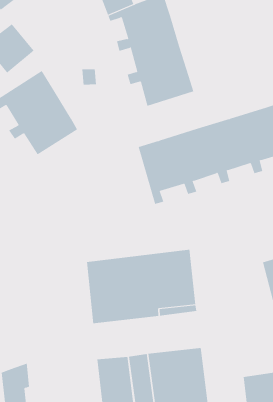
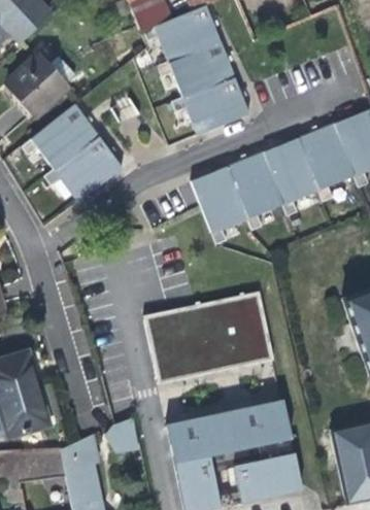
building: none -> [102,419,139,456]

